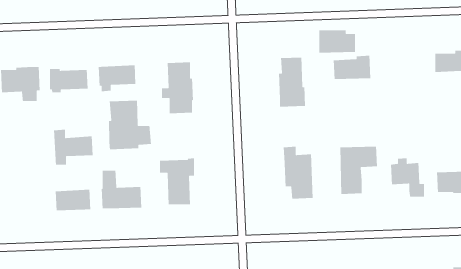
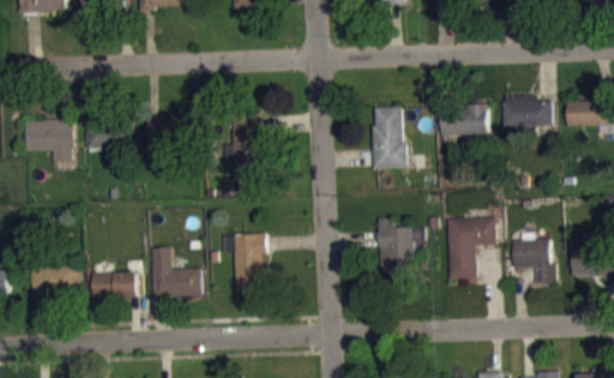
building: [319,29,356,53] -> [506,95,553,125]
building: [108,100,152,150] -> none
building: [53,129,94,165] -> [29,256,79,301]

